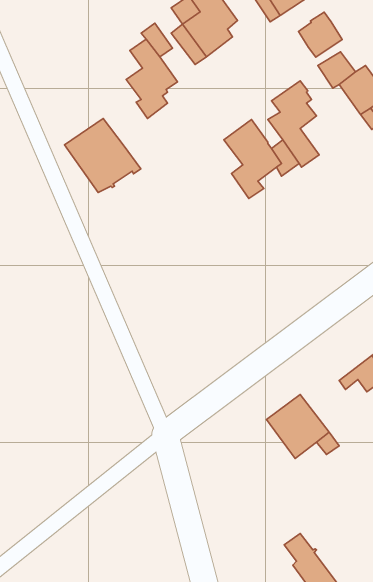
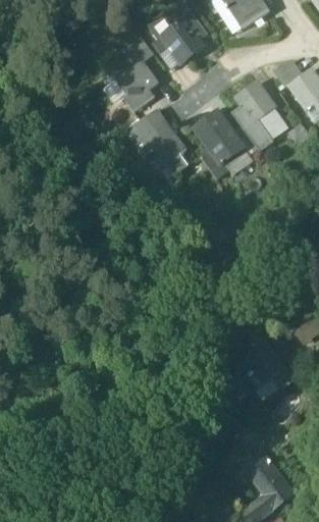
building: [299,12,342,57] -> none
building: [64,119,141,193] -> [124,109,187,169]

